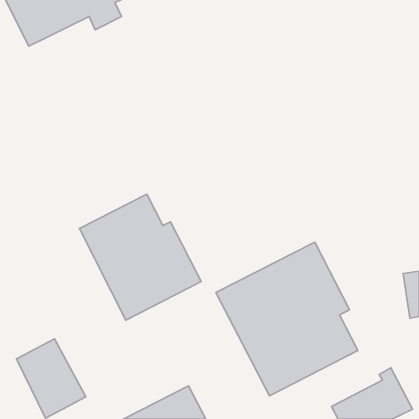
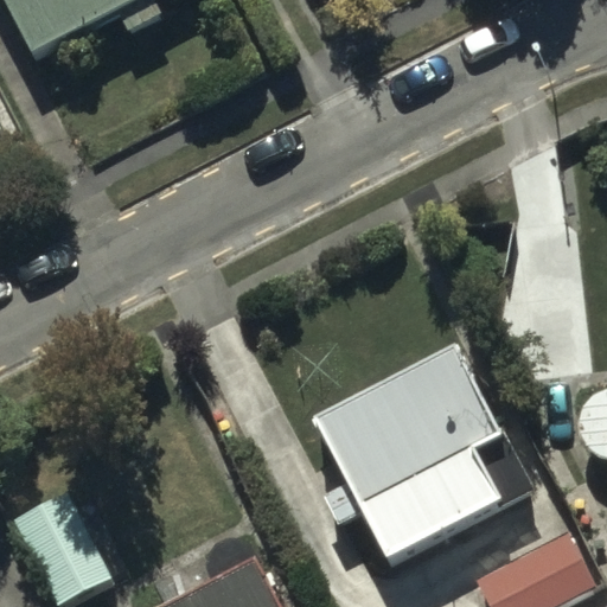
building: [80,194,201,320] -> none

